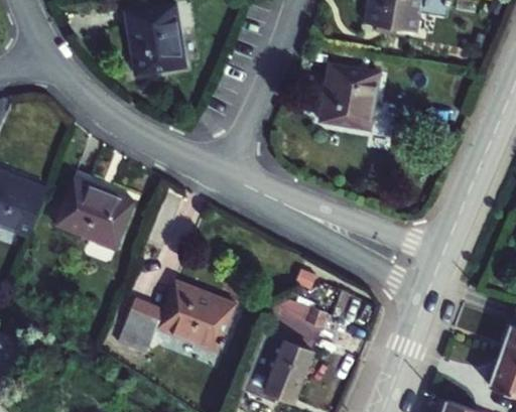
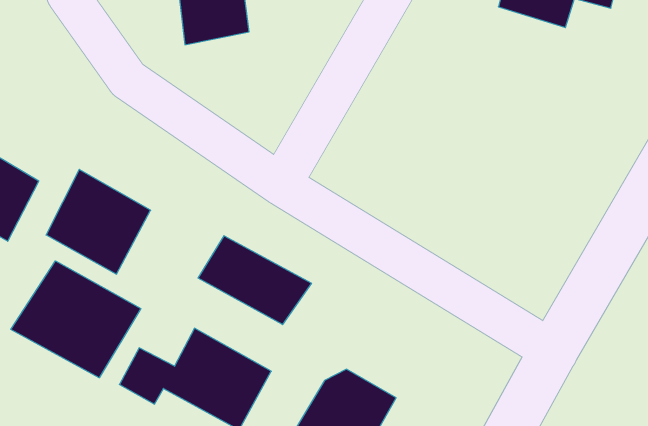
building: [317,67,380,131] -> none
building: none -> [198,236,311,325]
building: none -> [11,261,141,378]

